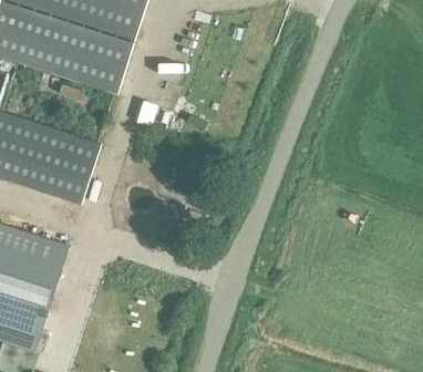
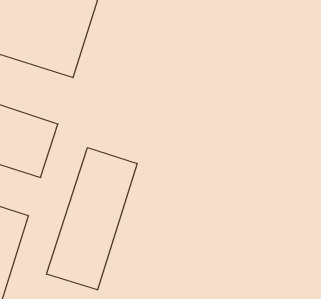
building: none -> [47,148,137,290]

